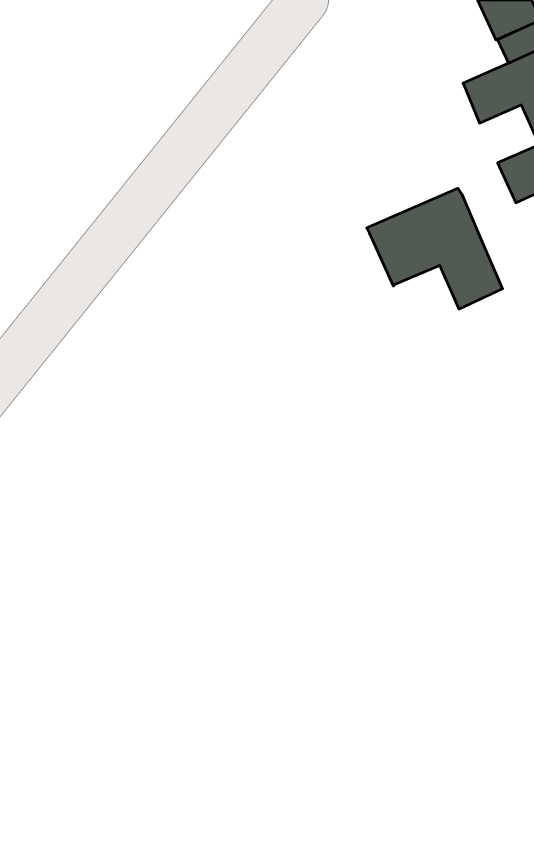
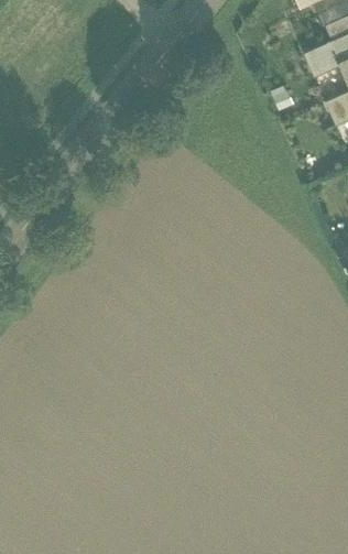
building: [367,188,503,309] -> none

